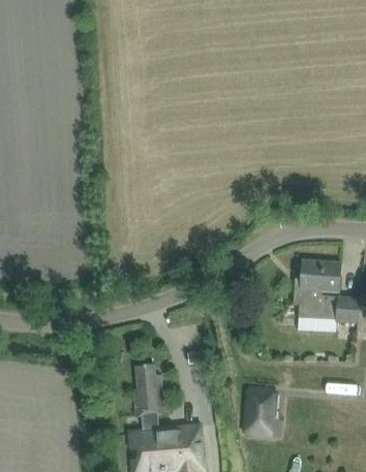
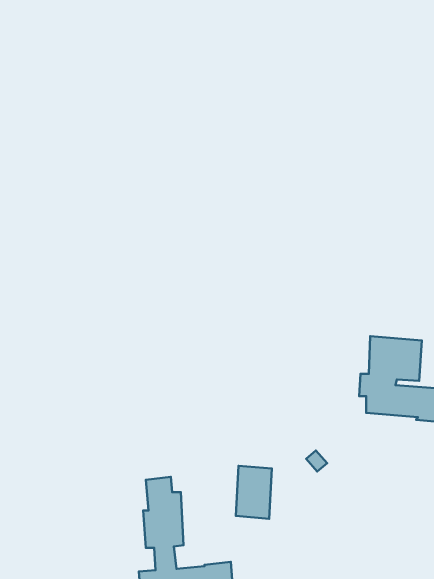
building: [247,392,274,432] -> [236,466,272,519]

